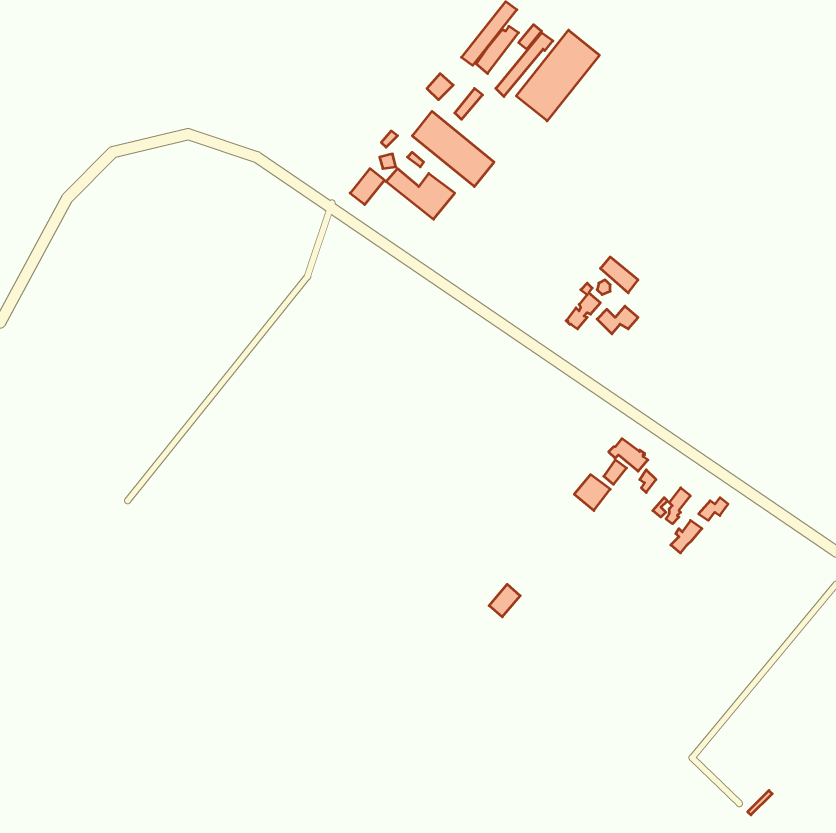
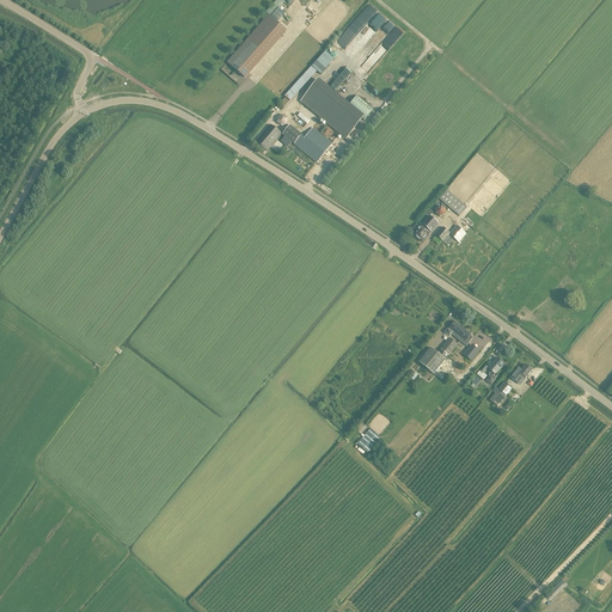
building: none -> [227,13,286,75]
building: [516,30,599,121] -> none

